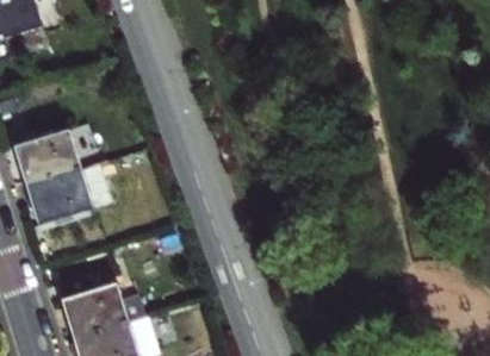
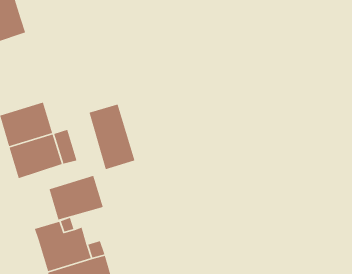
building: none -> [89,104,136,170]
building: none -> [49,175,104,221]

